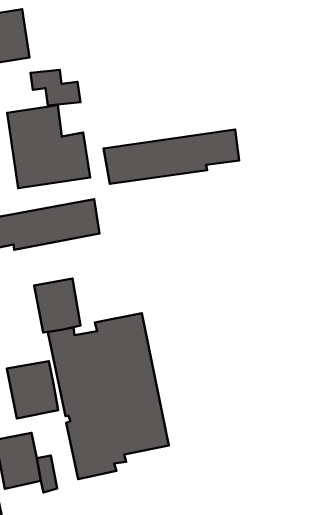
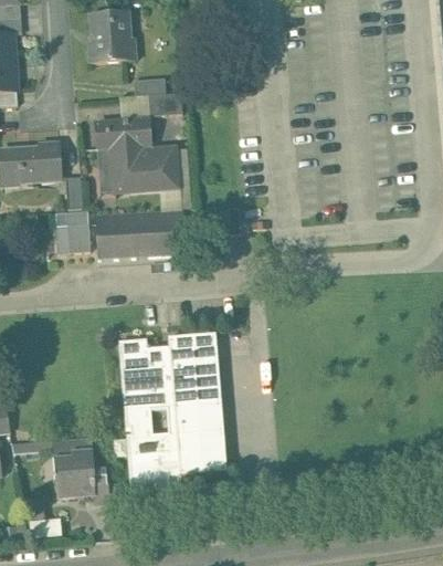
building: [104,129,239,184] -> none
building: [34,278,81,333] -> none
building: [7,361,58,418] -> none

